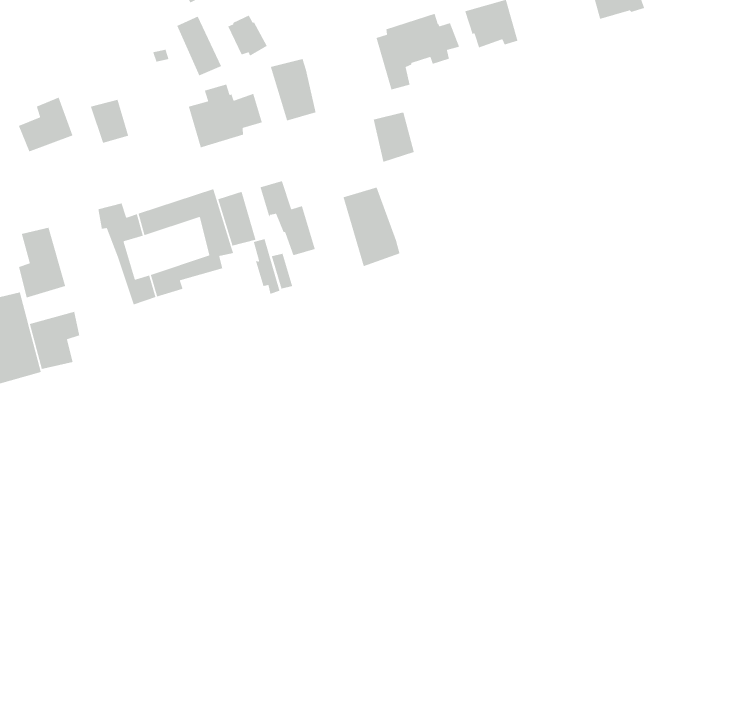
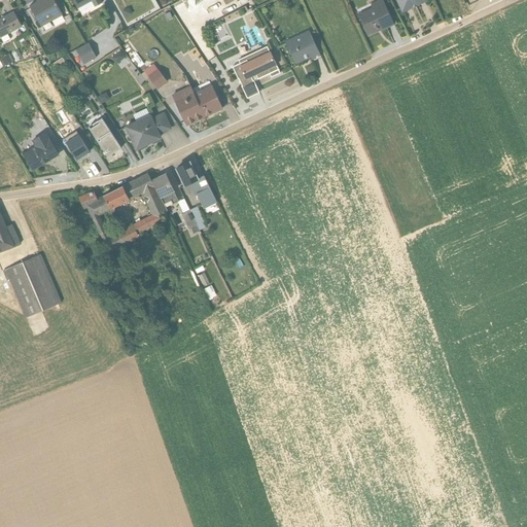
building: [176,16,222,76] -> [89,118,120,155]
building: [373,112,415,163] -> [194,84,222,117]
building: [343,186,401,267] -> none
building: [18,227,66,299] -> none
building: [29,311,80,370] -> none

